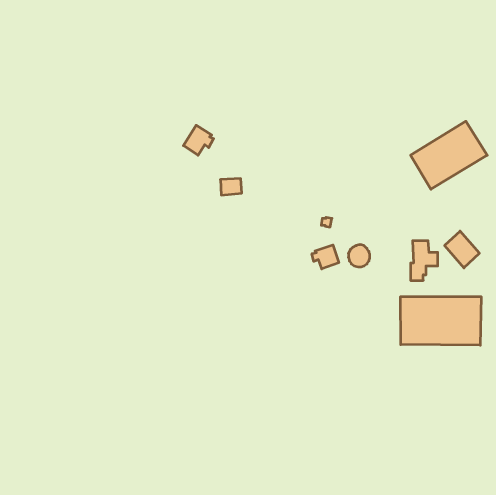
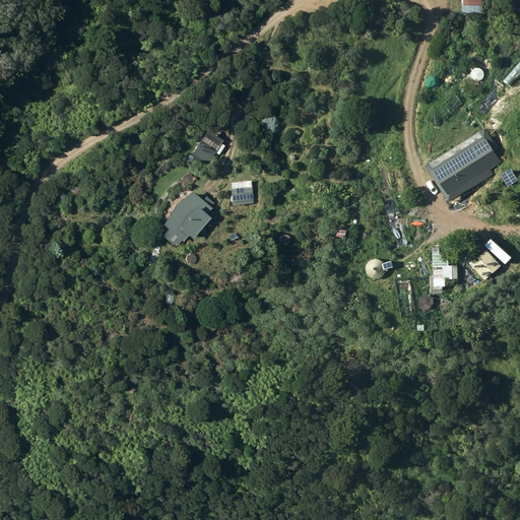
building: none -> [161,191,212,245]
building: [312,245,339,269] -> none
building: [401,297,481,345] -> none

